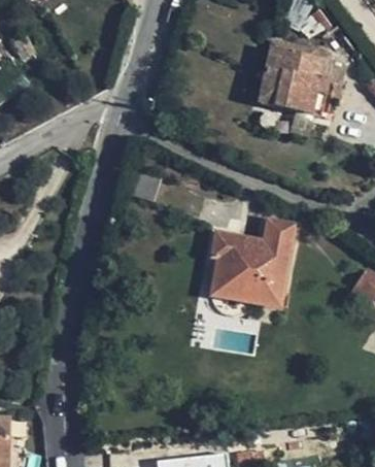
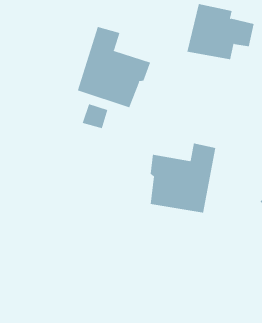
building: none -> [77,26,151,108]

